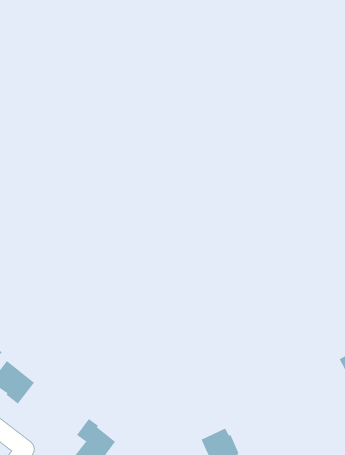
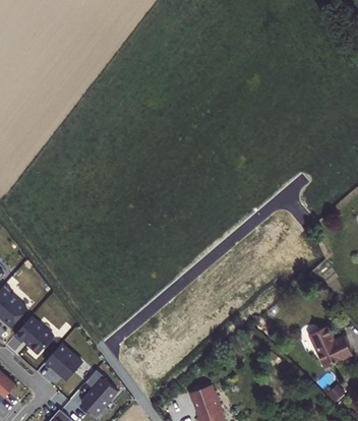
building: none -> [46,344,82,379]

